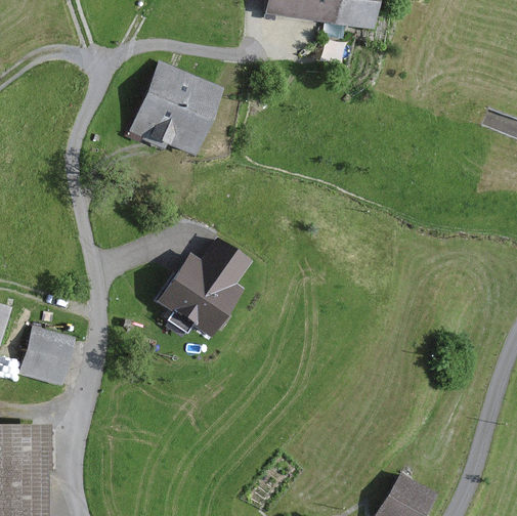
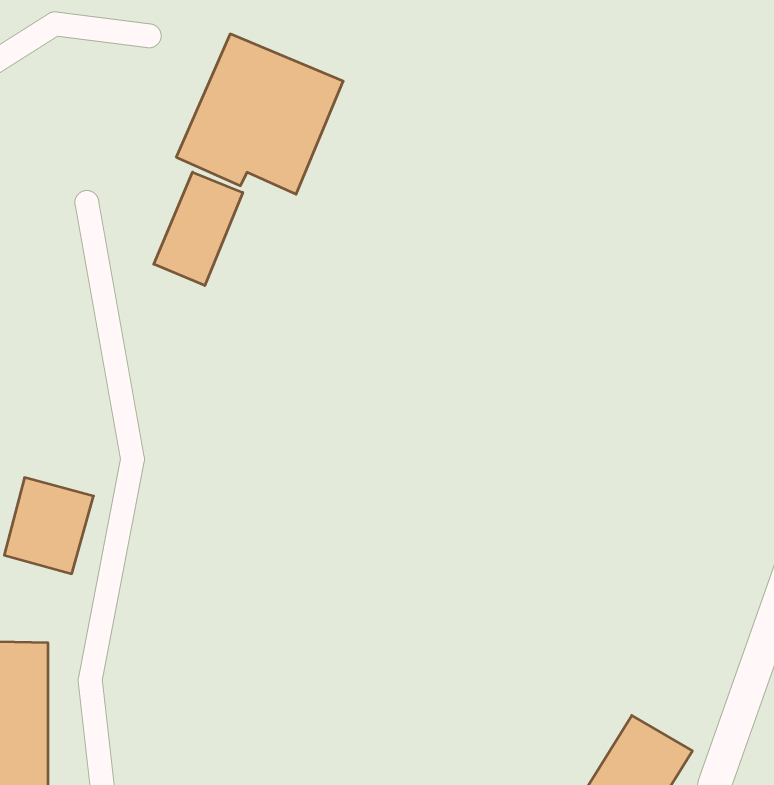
building: none -> [154,172,243,286]
building: [157,239,251,340] -> none

